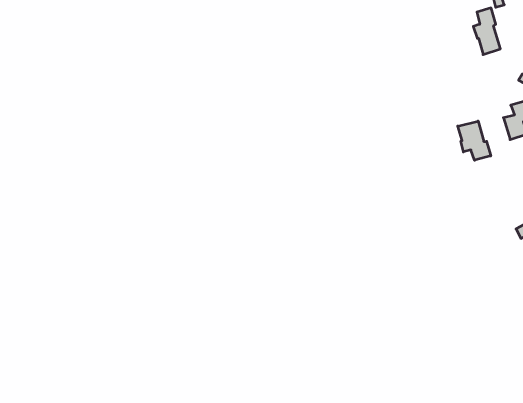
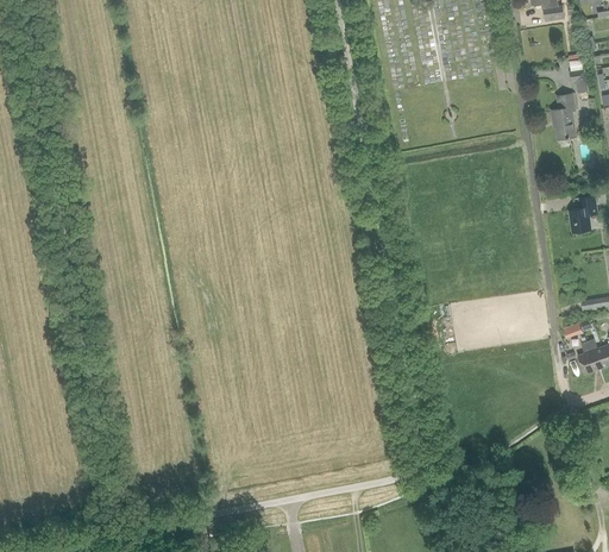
building: [458,121,491,160] -> none

